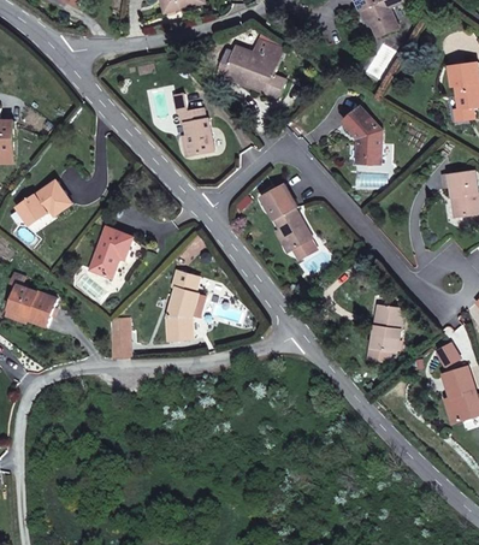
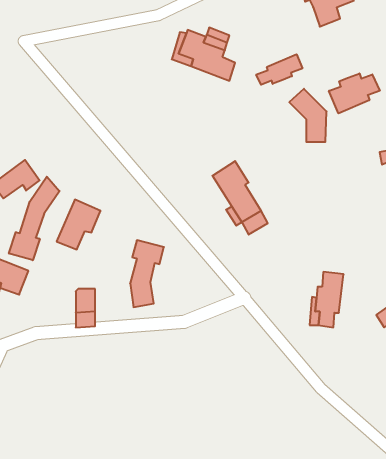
building: none -> [256,54,302,85]
building: none -> [329,73,380,113]
building: [172,99,212,159] -> none
building: none -> [9,177,60,260]

